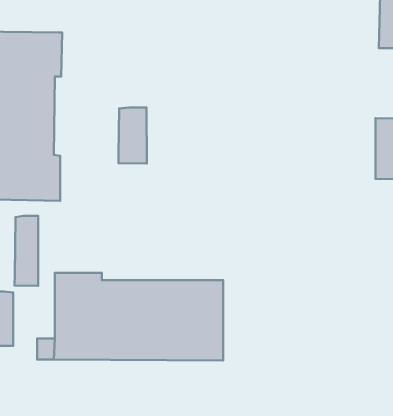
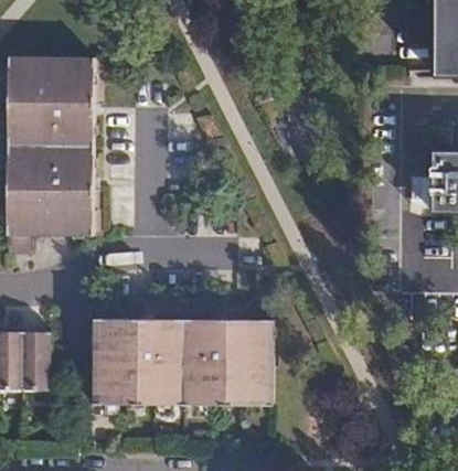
building: [118,107,147,164] -> none
building: [15,216,38,286] -> none

